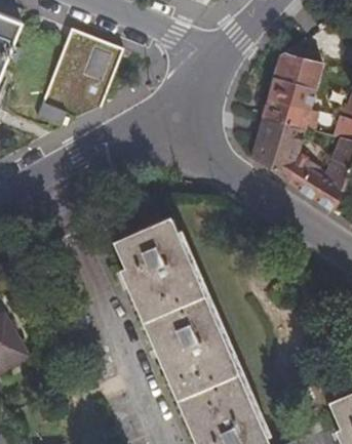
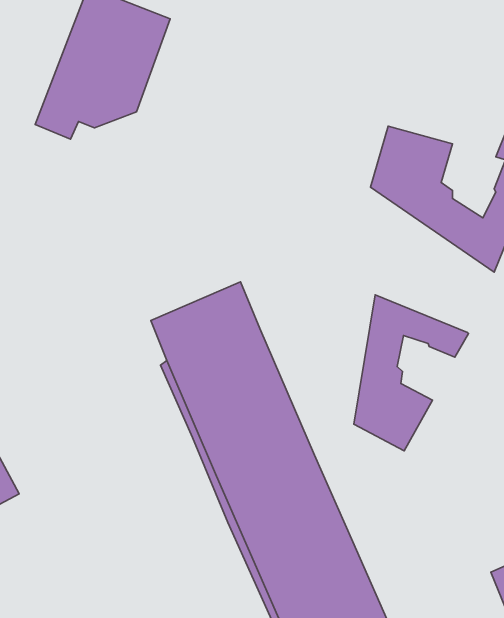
building: [264,46,323,128] -> none
building: none -> [354,295,468,451]

